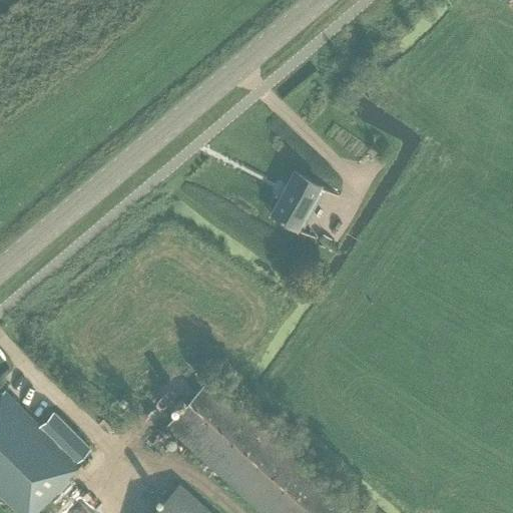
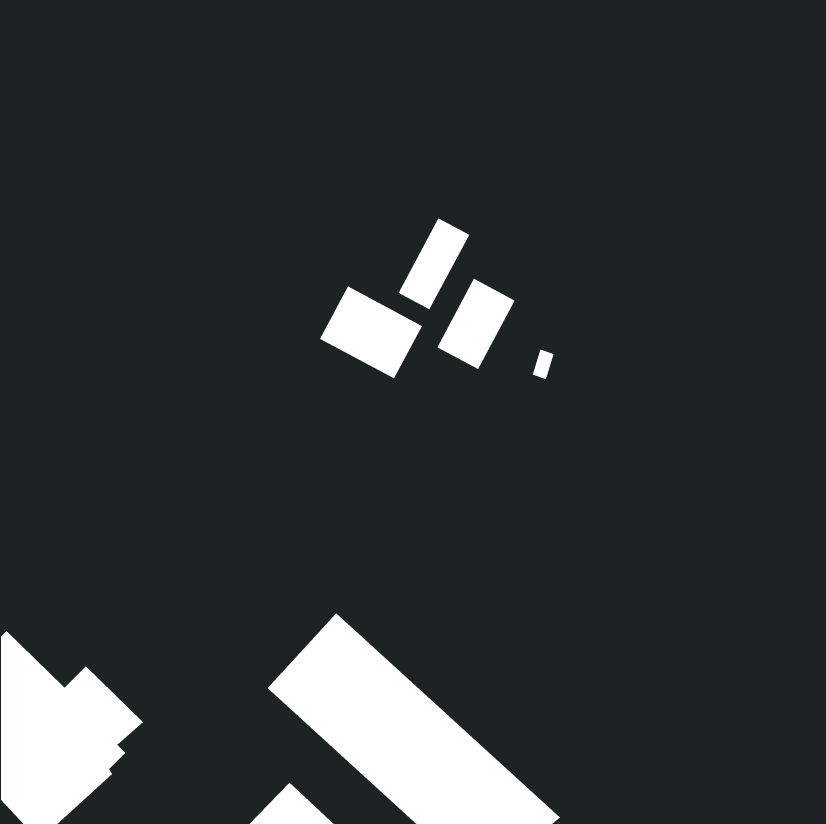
building: none -> [398,217,470,310]
building: none -> [319,286,423,379]

